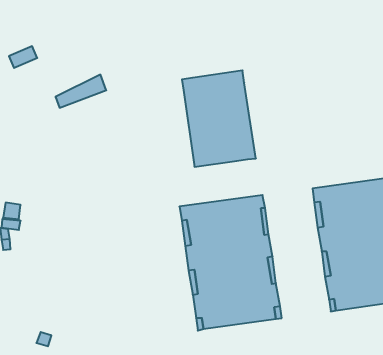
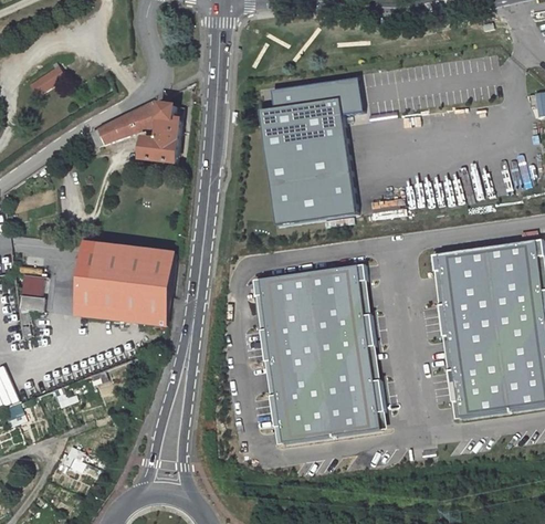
building: none -> [269,77,361,114]
building: none -> [139,104,179,161]
building: none -> [75,243,172,325]

